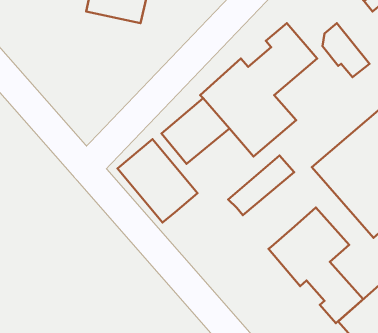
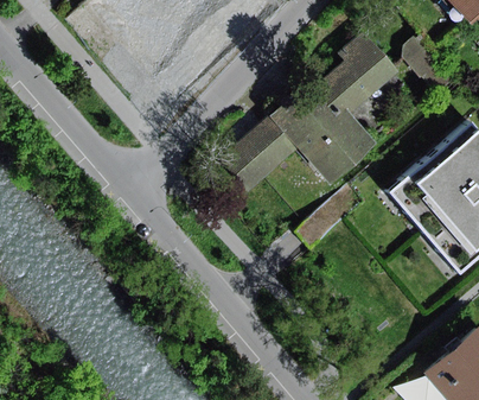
building: [117,139,197,223] -> none
building: [268,207,363,323] -> none

